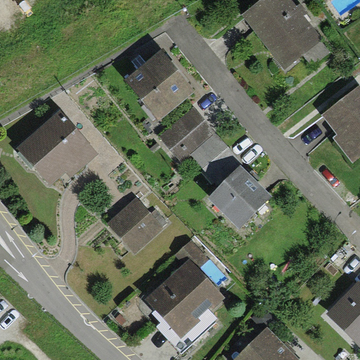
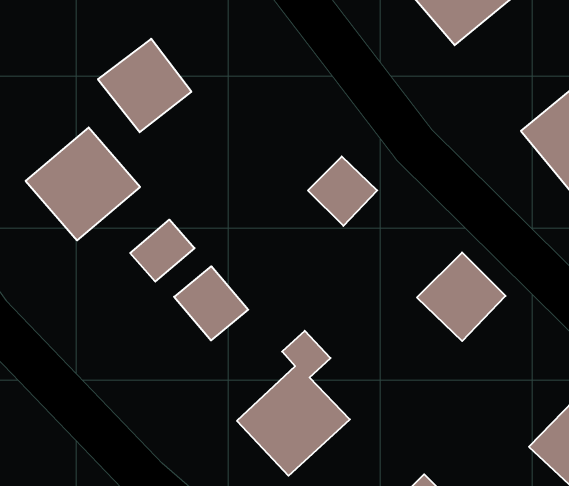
building: [129,59,187,117] -> [98,39,191,132]
building: [162,111,208,157] -> none
building: [211,170,266,225] -> [417,252,506,341]
building: none -> [130,220,195,282]

